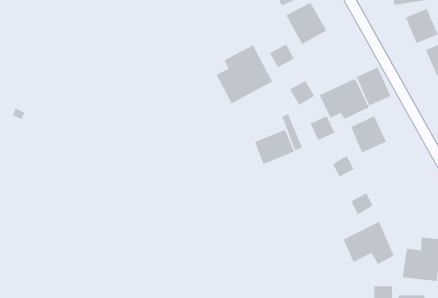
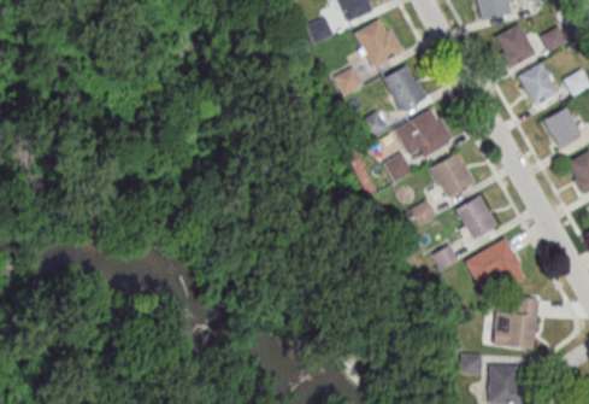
building: [216,45,273,104] -> none
building: [356,67,391,106] -> [384,64,426,111]
building: [254,129,295,165] -> none
building: none -> [455,195,497,240]
building: [343,221,395,265] -> [465,238,526,289]

